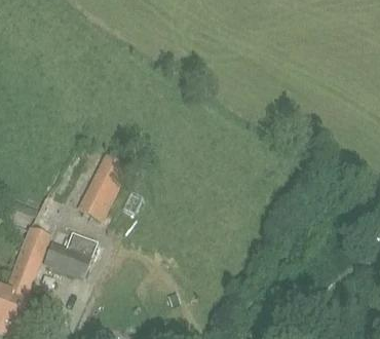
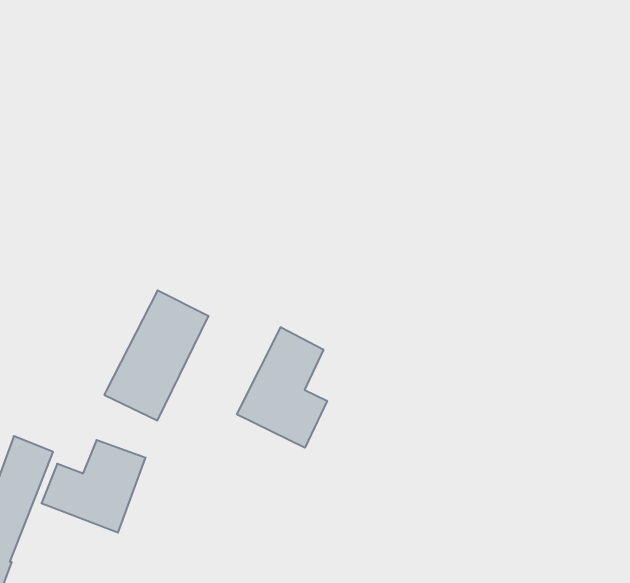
building: none -> [237,327,327,448]

